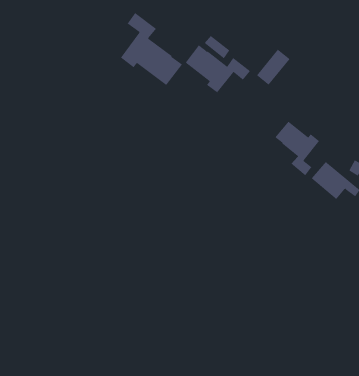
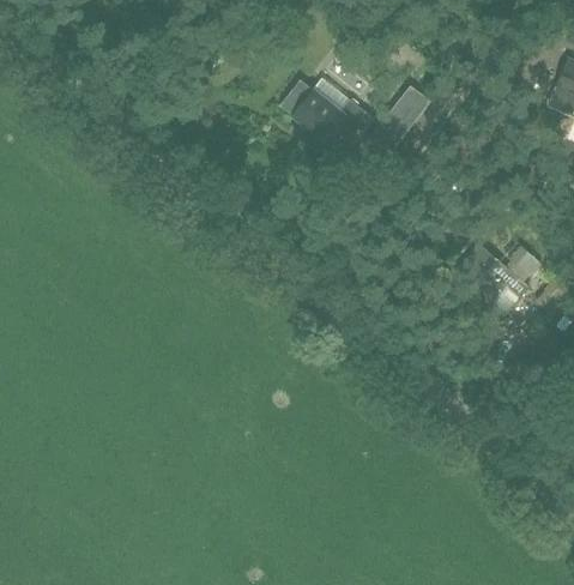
building: [120,12,183,86] -> none
building: [274,121,320,176] -> none

